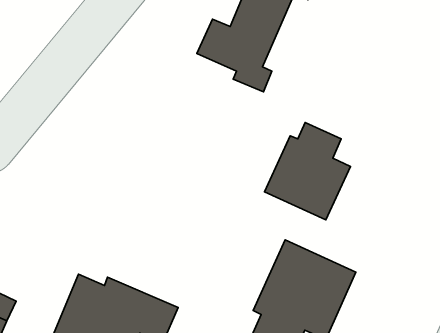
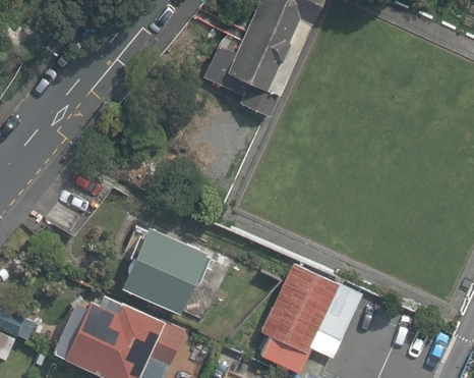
building: [265,122,351,220] -> none
building: none -> [121,228,209,315]

